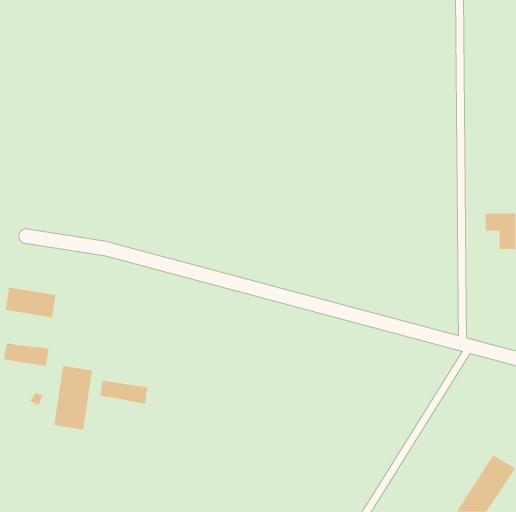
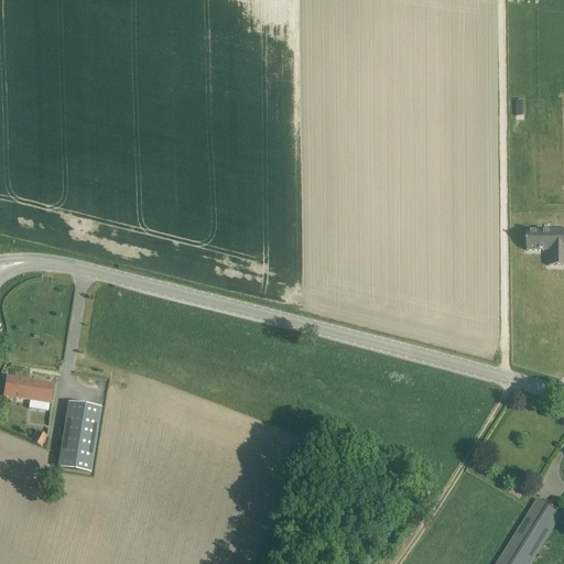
building: [5,287,56,318] -> none
building: [100,380,148,405] -> none

